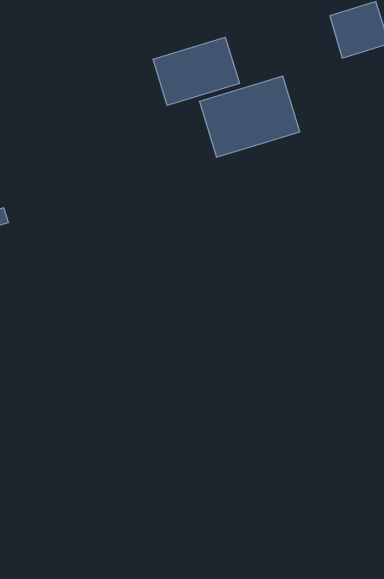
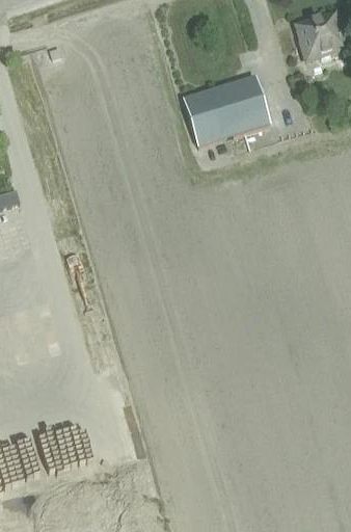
building: [153,37,239,105] -> none

